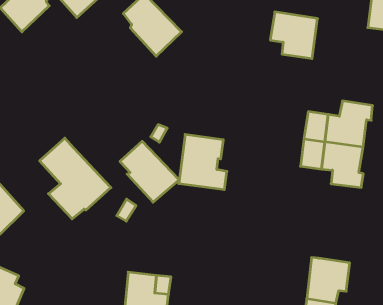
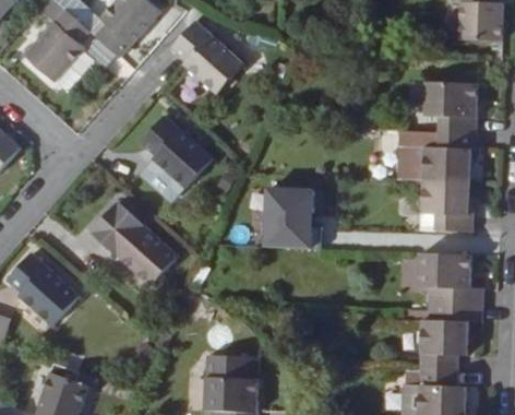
building: [270,12,318,59] -> [426,80,479,131]
building: [120,141,179,202] -> [140,117,212,188]
building: none -> [420,251,483,321]

